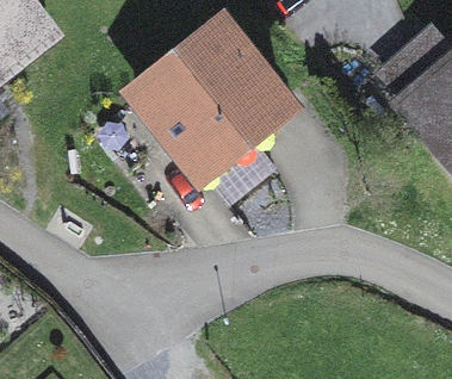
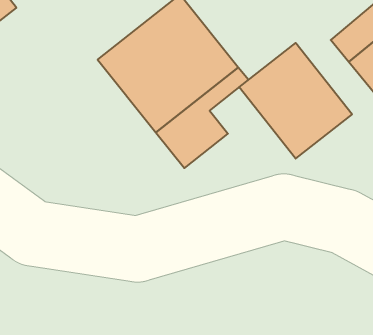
building: none -> [239,43,352,159]

